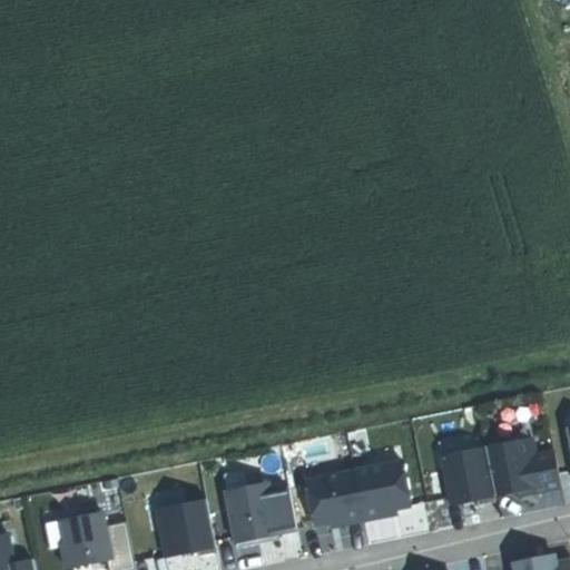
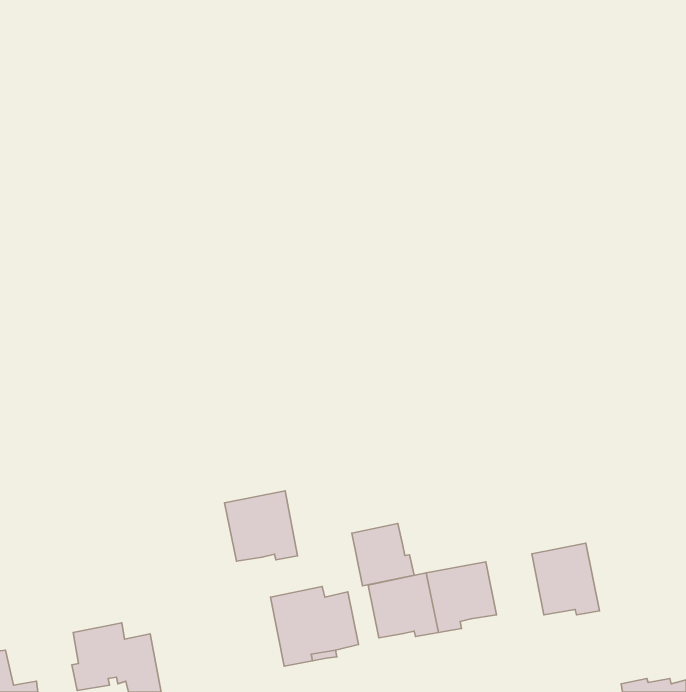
building: none -> [352,524,414,586]
building: [482,438,558,497] -> none
building: [154,499,214,557] -> [224,491,297,561]

